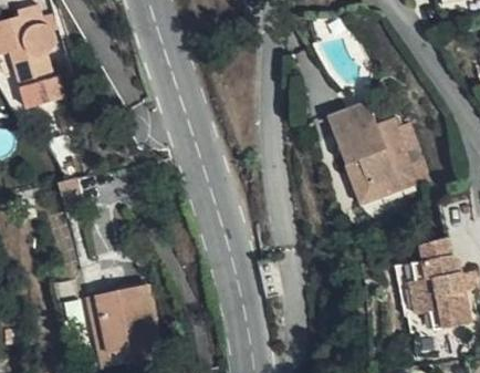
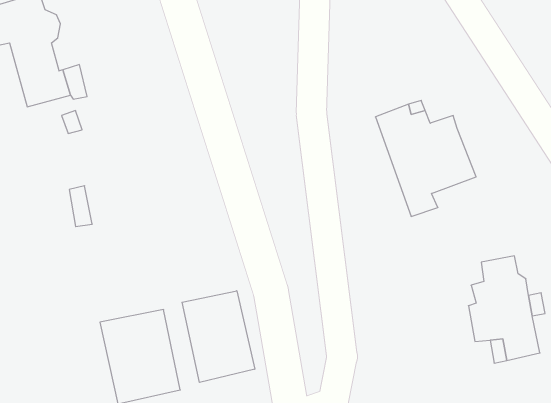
building: [375,124,426,196] -> none
building: none -> [182,291,255,382]

